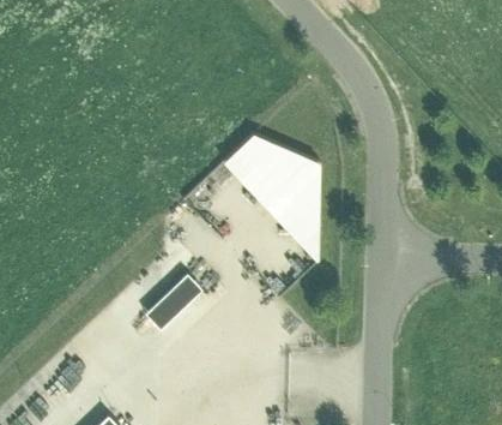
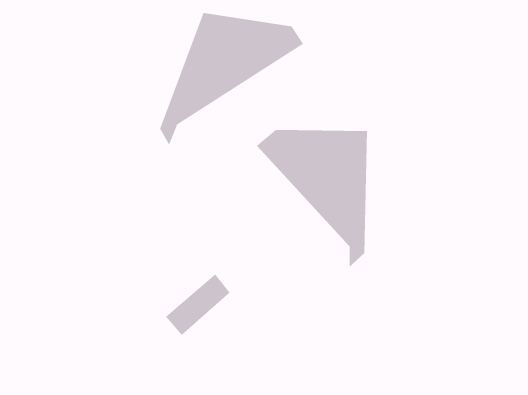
building: none -> [159,12,304,146]

